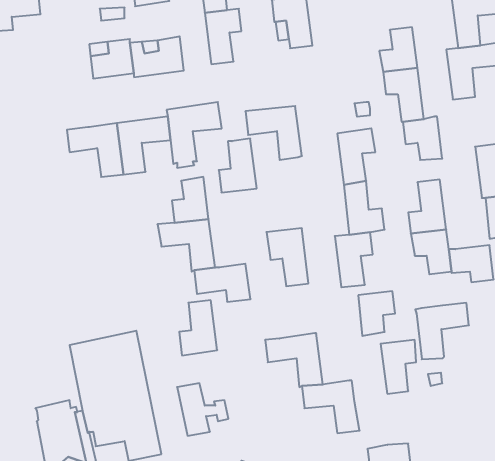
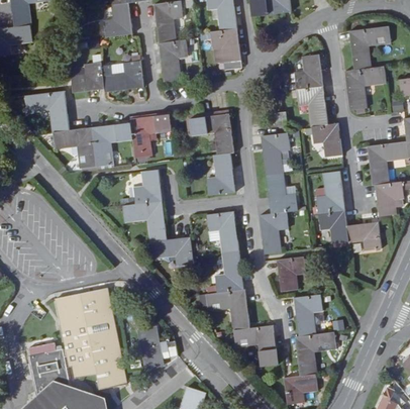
building: none -> [24,92,69,133]
building: [219,139,257,192] -> [206,154,235,195]
building: [179,300,217,355] -> [214,250,243,293]
building: [415,303,469,359] -> [294,331,335,375]

